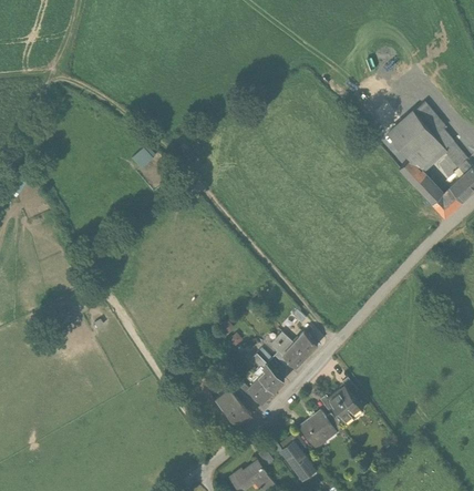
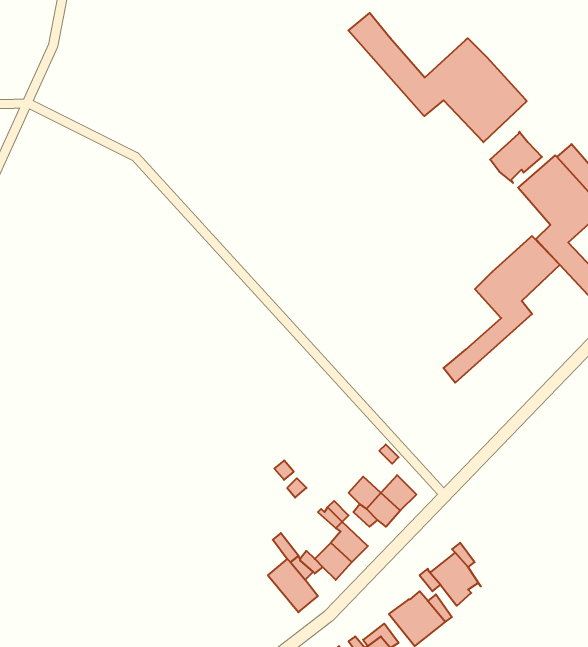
building: none -> [348,13,527,142]
building: none -> [490,132,542,183]
building: none -> [443,236,560,383]

